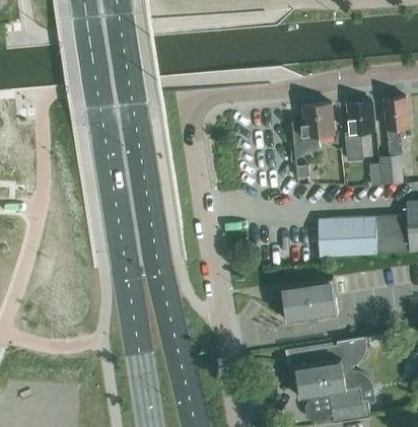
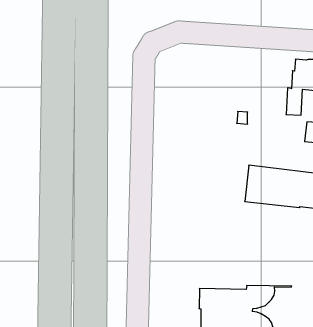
building: [291,103,335,161] -> none
building: [281,279,338,326] -> none

